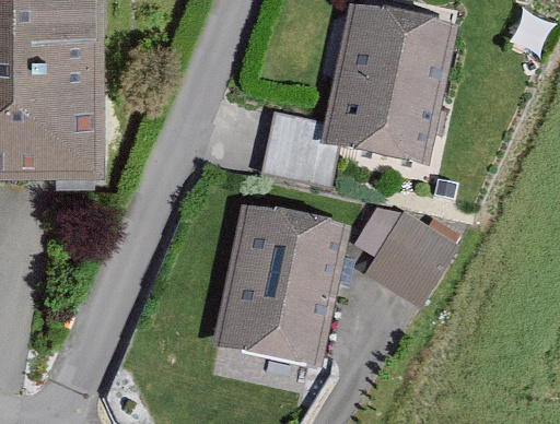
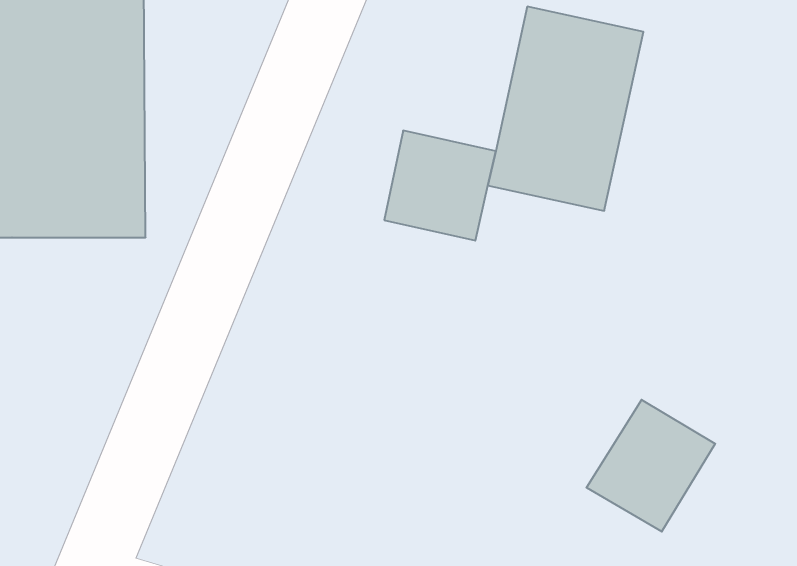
building: [214,205,346,366] -> none
building: [365,210,455,302] -> [586,400,715,532]

